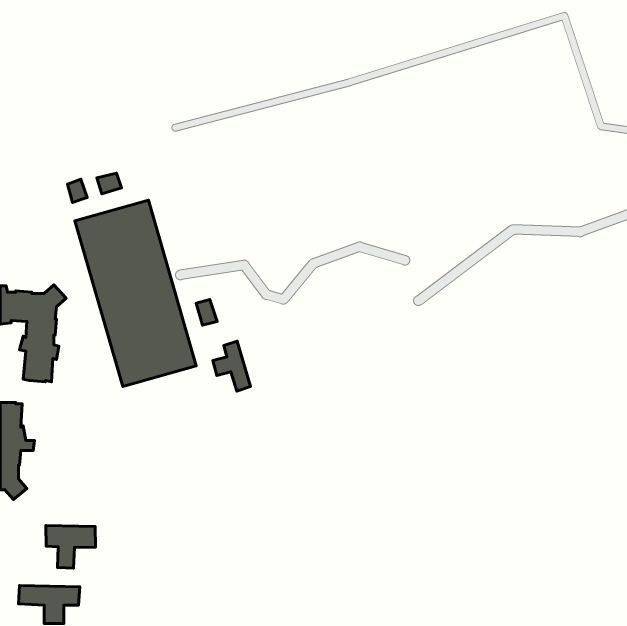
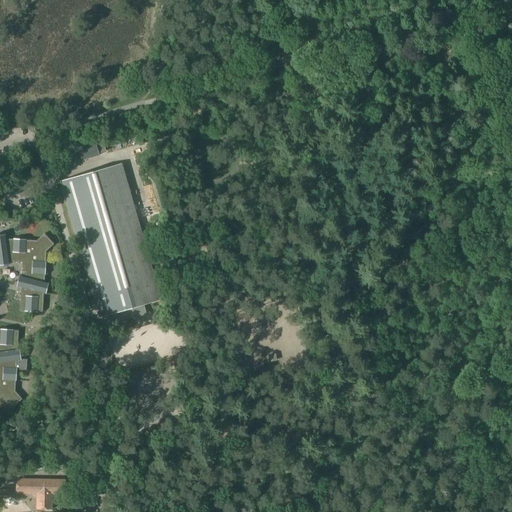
building: [213,341,250,391] -> none
building: [46,526,95,568] -> none

